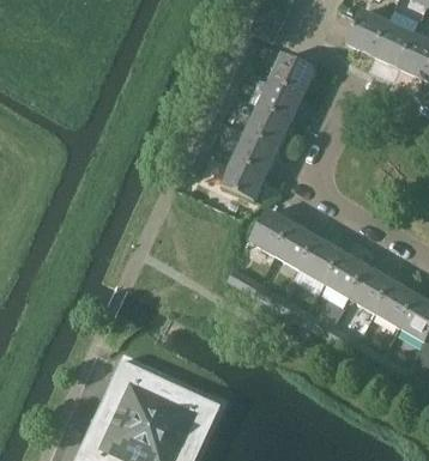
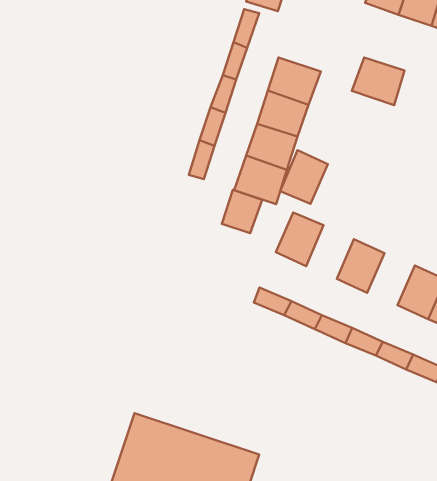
building: [271,53,316,95] -> [352,58,405,105]
building: none -> [222,190,262,233]
building: [274,222,316,267] -> [280,150,328,204]
building: [322,250,364,295] -> none

